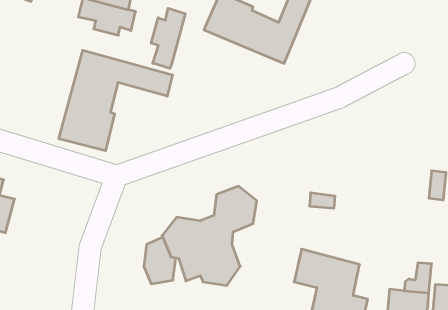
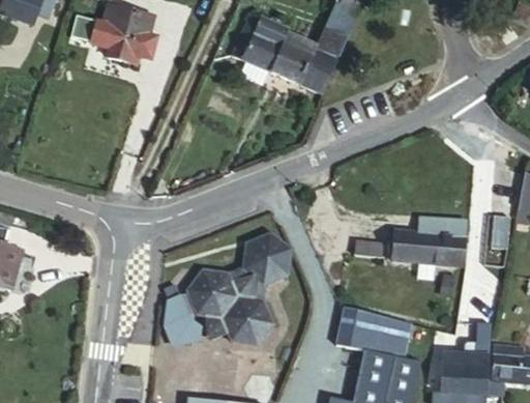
building: [151,8,185,68] -> none
building: [59,50,173,151] -> none
building: none -> [390,219,469,266]

